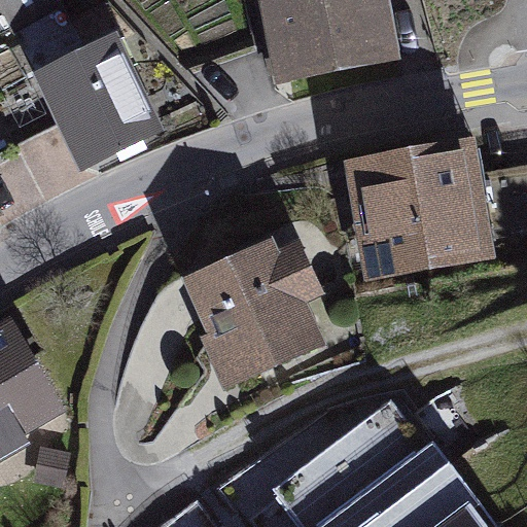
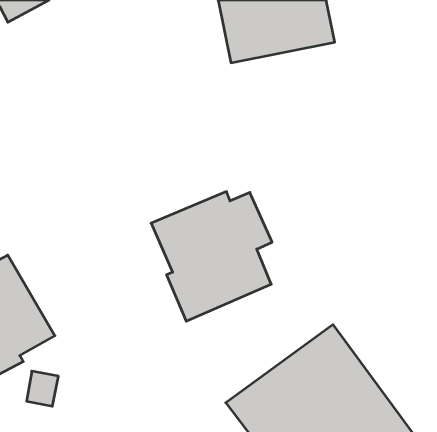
building: [30,29,166,174] -> none
building: [345,132,493,277] -> none

